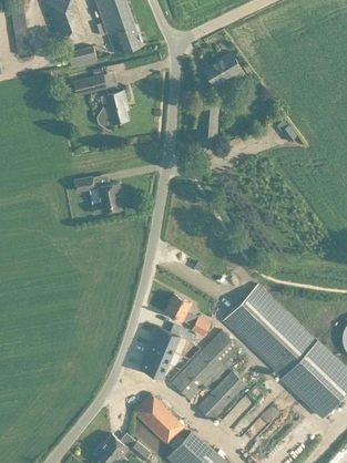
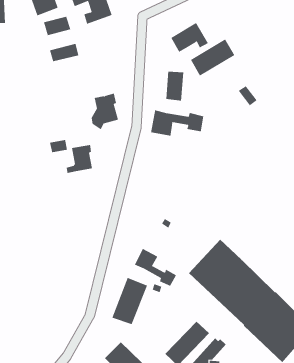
building: none -> [190,38,235,76]
building: [98,90,127,130] -> [91,93,119,130]
building: none -> [151,110,204,136]
building: [172,330,241,400] -> none

